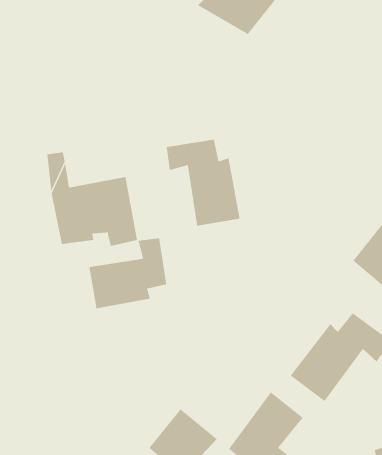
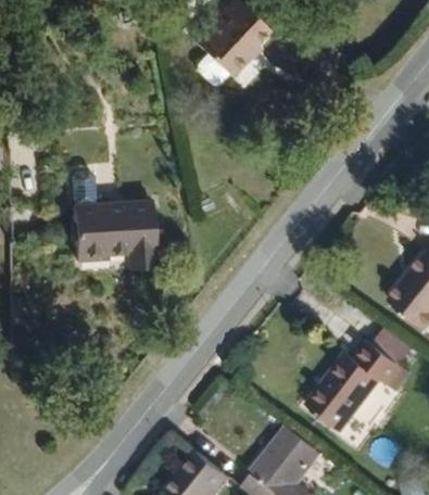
building: none -> [206,29,268,89]
building: [166,139,240,227] -> none
building: [89,238,167,309] -> none

